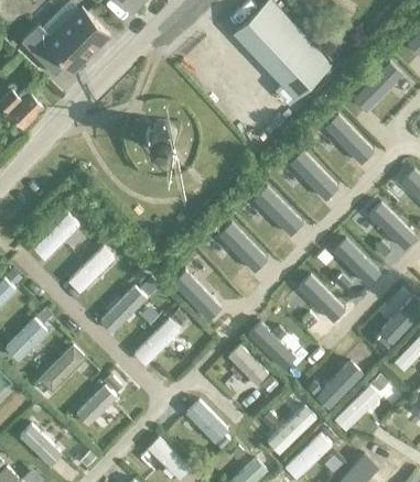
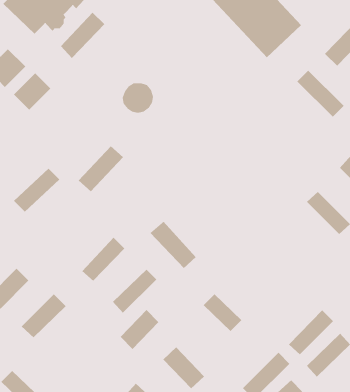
building: none -> [60,12,105,59]
building: none -> [13,72,51,111]
building: [289,150,337,199] -> none
building: [252,185,303,234] -> none
building: [216,220,266,271] -> none
building: [66,244,114,293] -> [78,145,124,192]
building: [298,273,343,319] -> none
building: [247,319,295,368] -> none
building: [74,384,115,426] -> [120,309,159,350]

